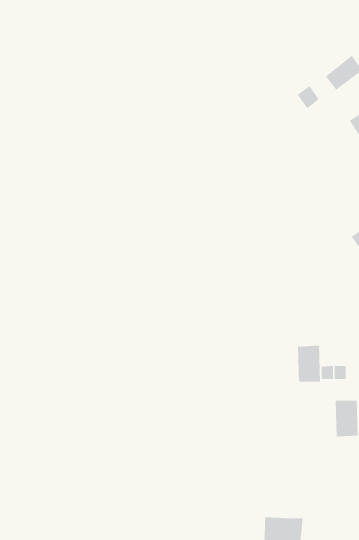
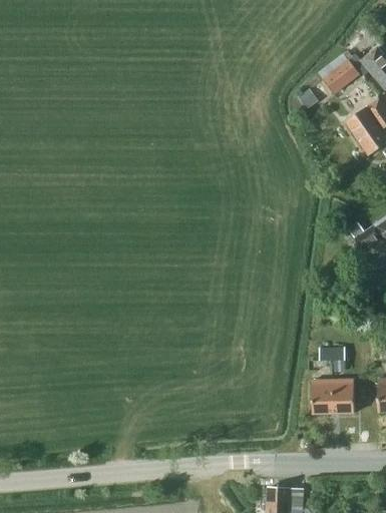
building: [297,345,321,382] -> [312,380,334,414]

